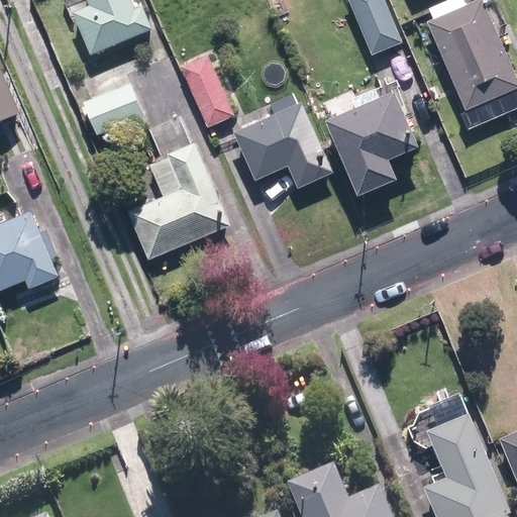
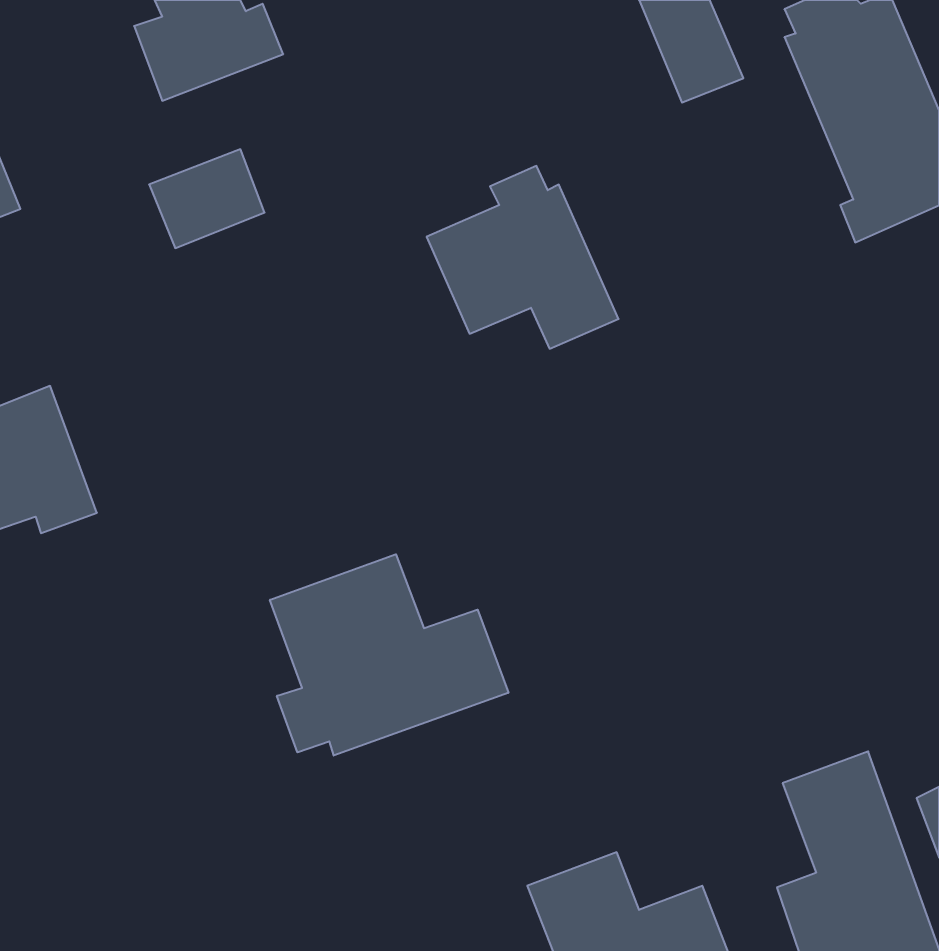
building: [178,51,233,128] -> none
building: [328,85,421,195] -> none
building: [126,138,230,260] -> none
building: none -> [270,554,508,756]

